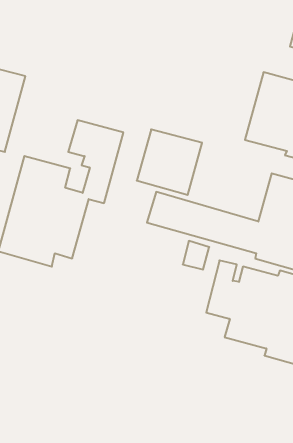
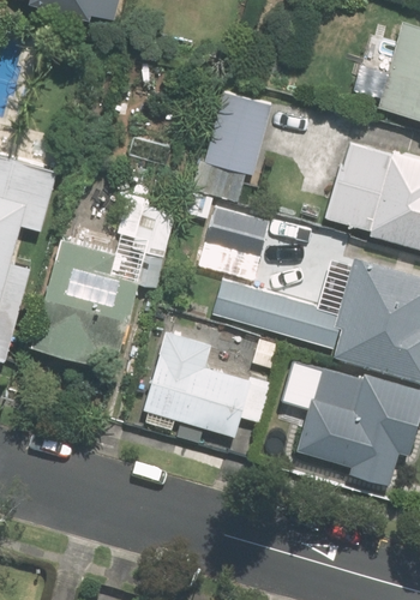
building: none -> [187,92,274,205]
building: none -> [142,331,269,438]

